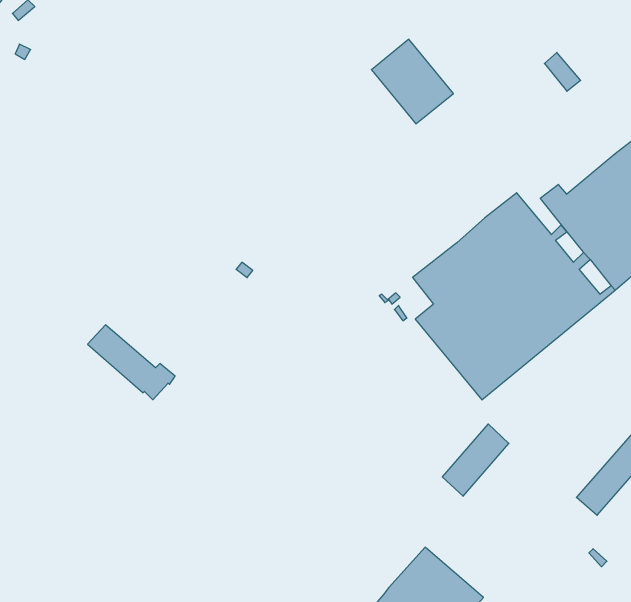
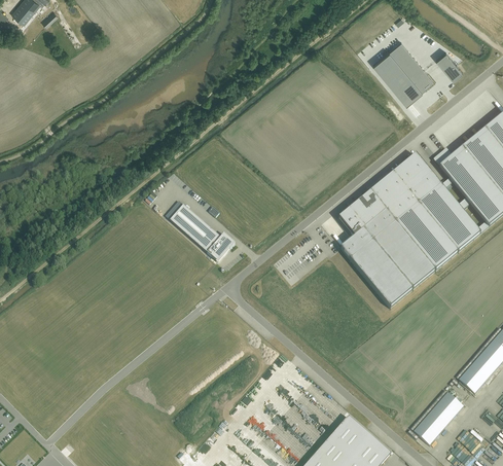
building: [371,39,453,124] -> [372,40,433,103]
building: [88,325,175,400] -> [169,204,233,259]
building: [442,424,509,496] -> [414,391,463,444]

